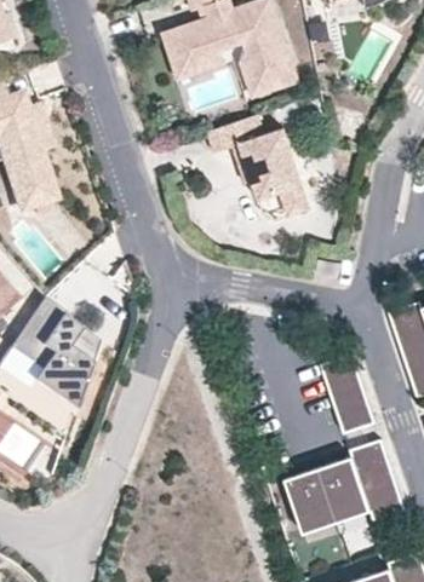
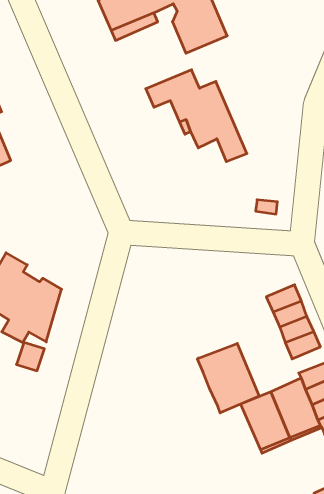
building: none -> [197,343,259,413]

